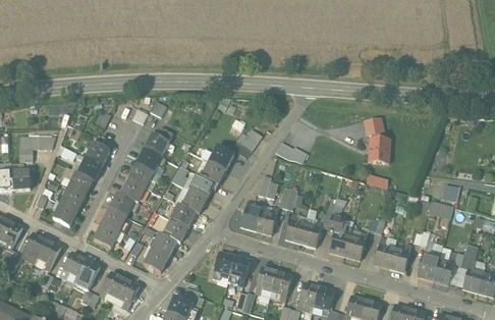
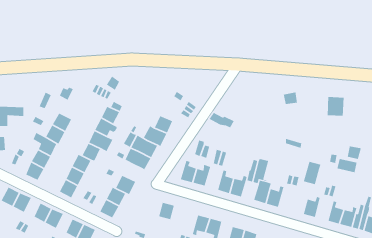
building: [369,139,390,163] -> [327,96,344,117]
building: [165,201,195,227] -> none
building: [374,237,396,267] -> [303,161,321,185]
building: [227,256,250,283] -> none

